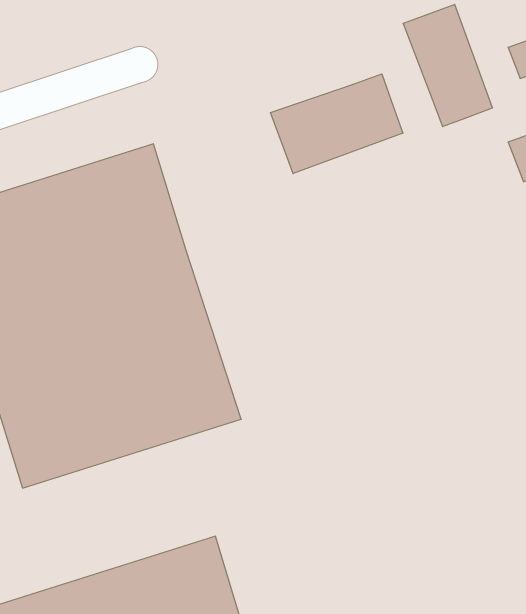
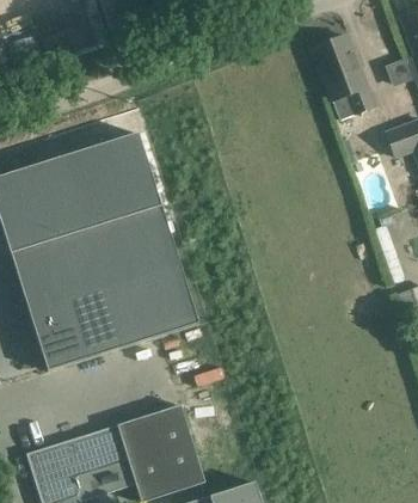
building: [271,74,403,174] -> none

